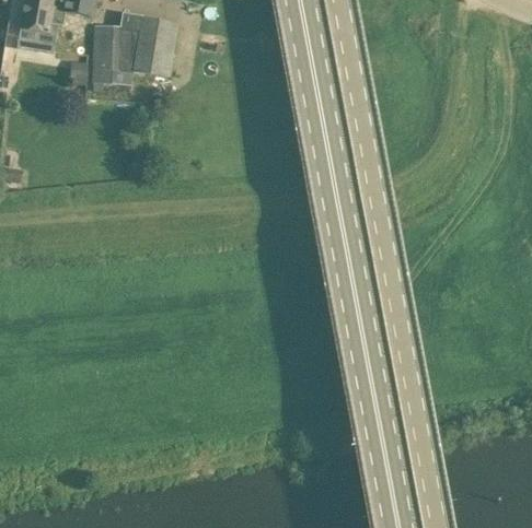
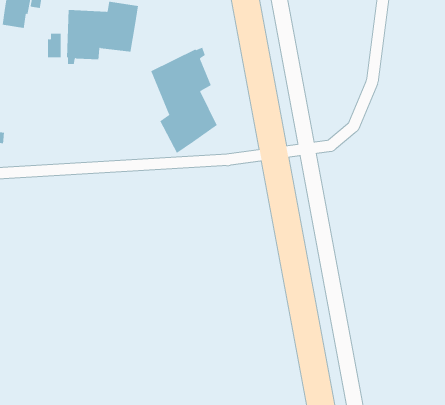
building: none -> [151,47,218,154]

